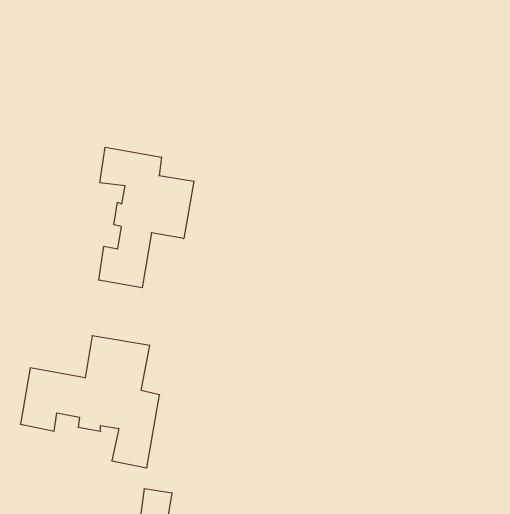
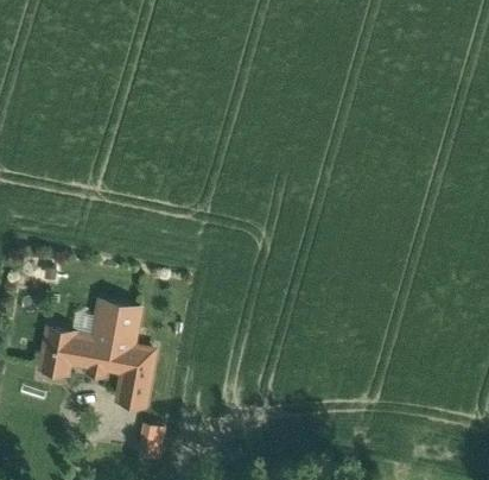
building: [99,147,194,288] -> none

